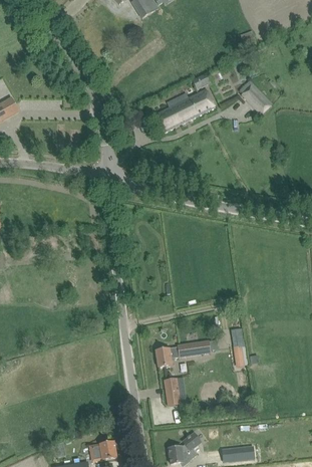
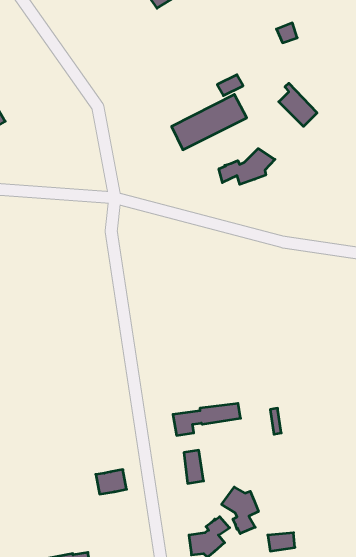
building: none -> [219,149,275,184]
building: none -> [222,487,258,534]
building: [91,440,116,460] -> [96,470,127,494]

